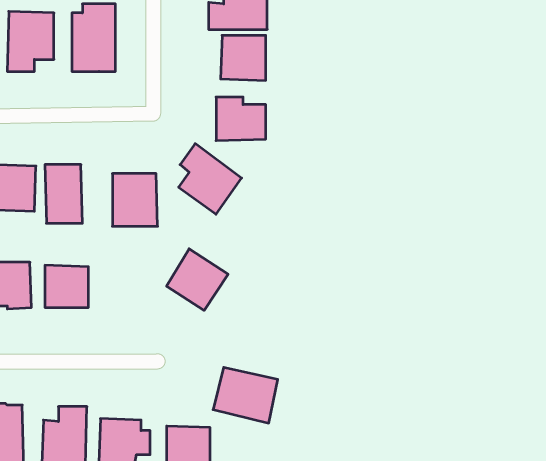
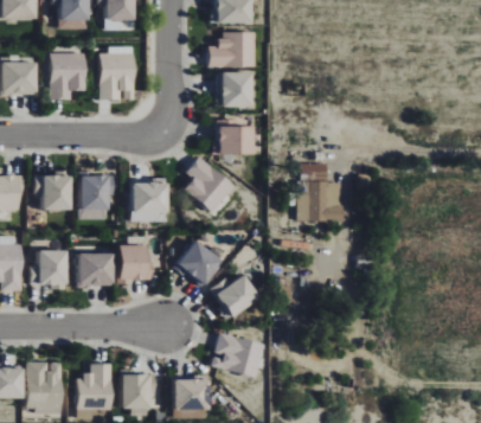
building: none -> [299,165,341,223]
building: none -> [120,244,152,281]
building: none -> [211,275,261,320]

